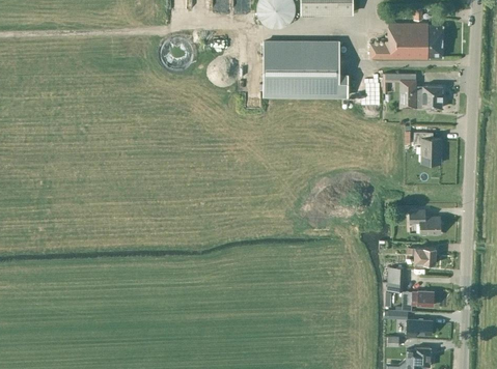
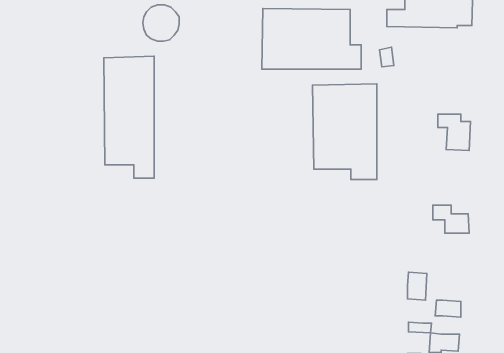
building: [399,80,443,108] -> none
building: none -> [104,56,154,178]
building: none -> [312,84,377,180]
building: [408,248,436,266] -> none

